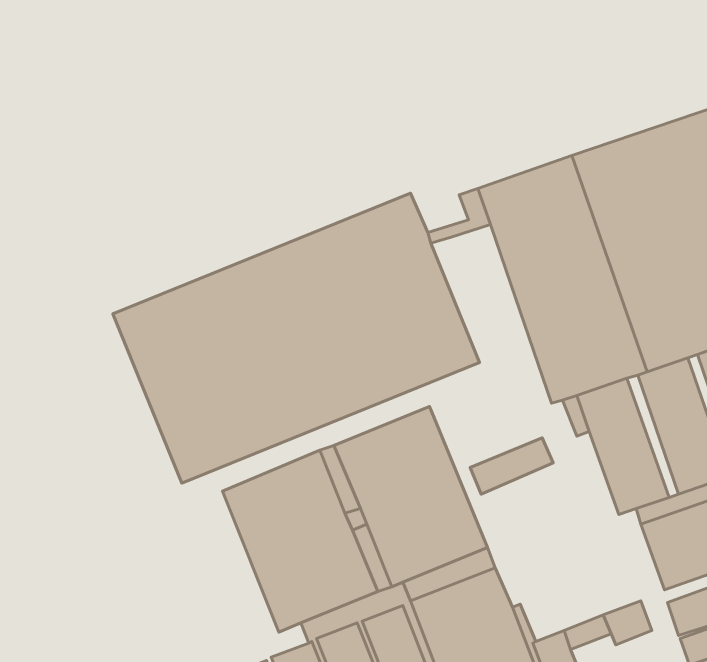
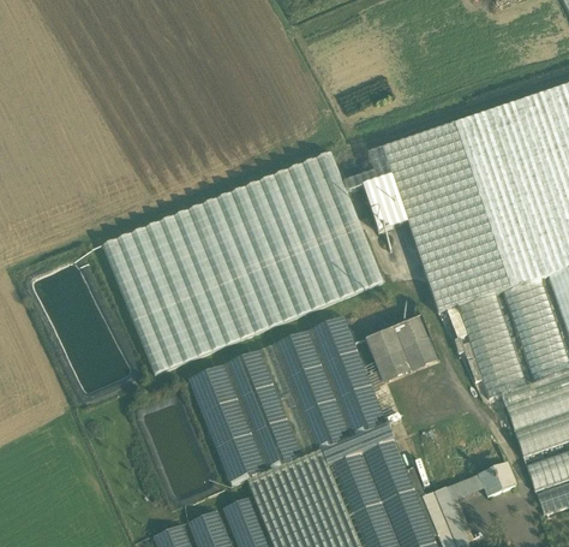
building: none -> [361,174,407,231]
building: none -> [366,314,431,361]

